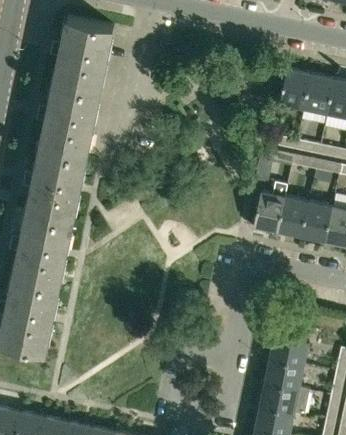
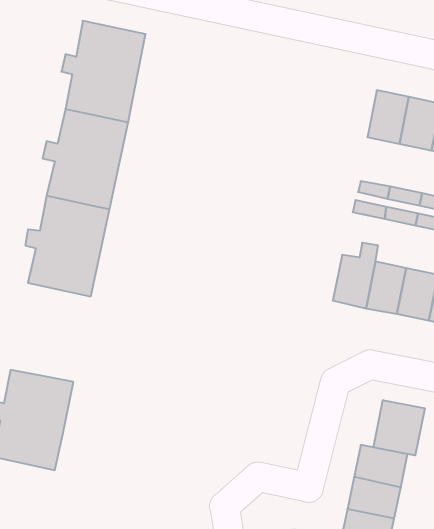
building: [9,212,72,286] -> none
building: none -> [373,400,425,455]

